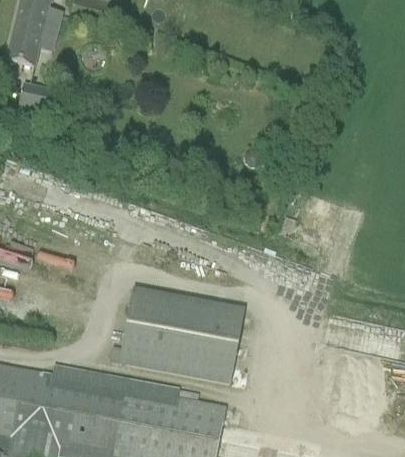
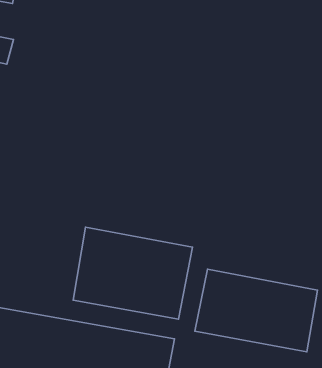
building: none -> [195,269,318,352]

